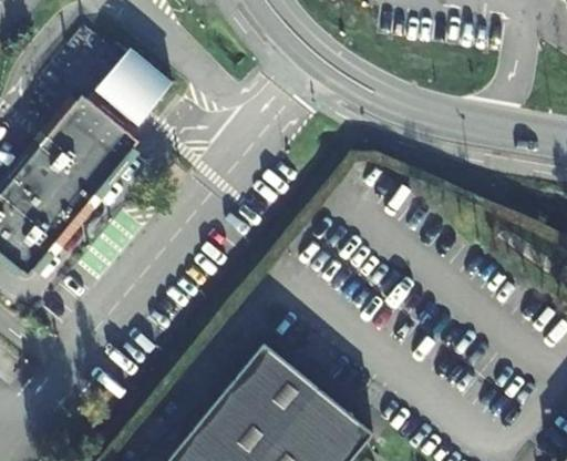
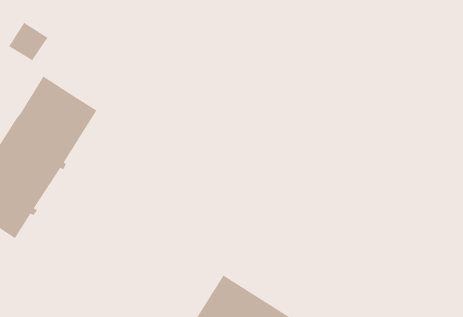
building: [96,45,174,123] -> none

